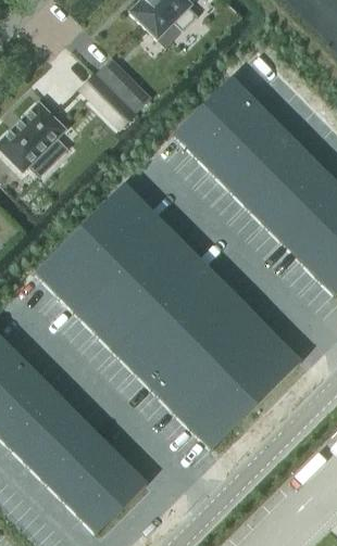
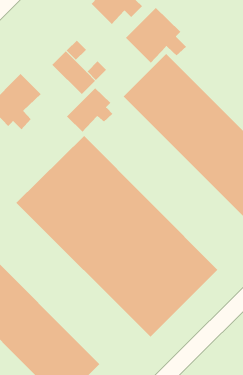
building: none -> [125,7,187,63]
building: none -> [66,88,113,132]

